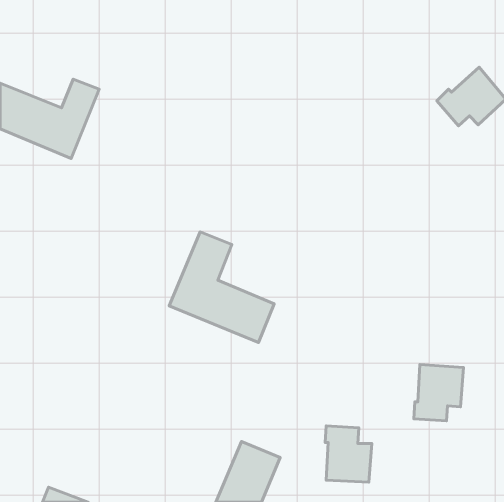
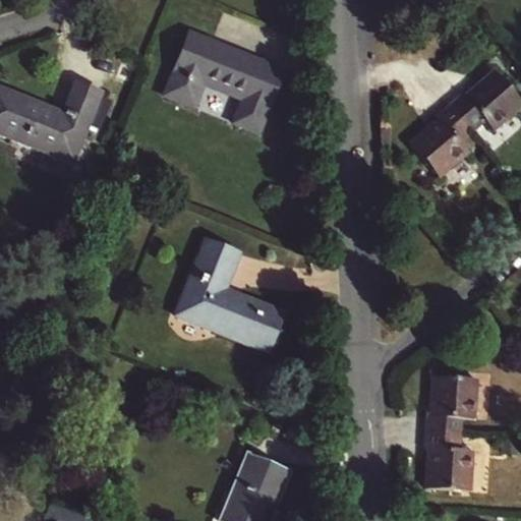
building: none -> [165,31,285,133]
building: none -> [410,104,473,175]
building: [325,426,372,482] -> [426,430,474,488]

